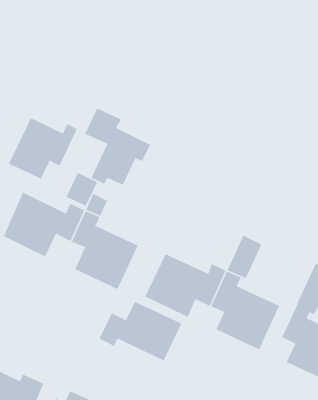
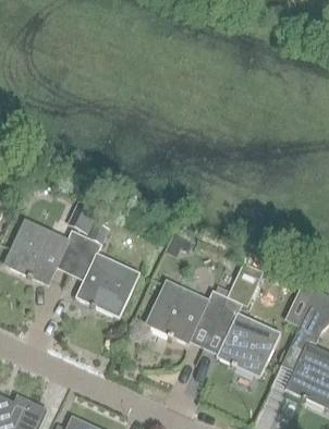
building: [84,107,151,186] -> none
building: [8,117,78,180] -> none
building: [98,301,183,362] -> none

